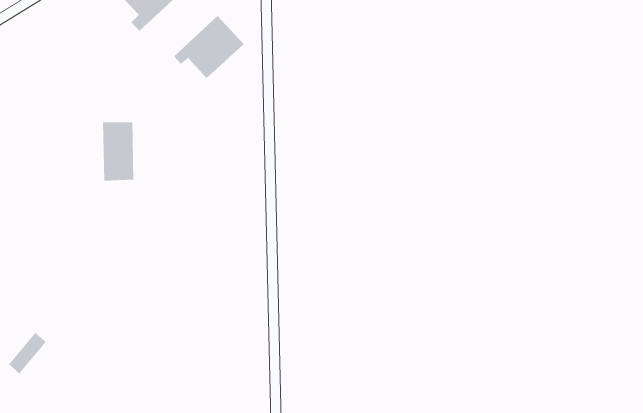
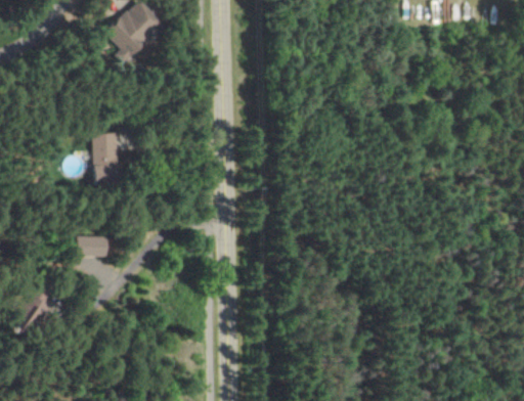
building: [173,15,245,79] -> none
building: none -> [77,236,110,256]

